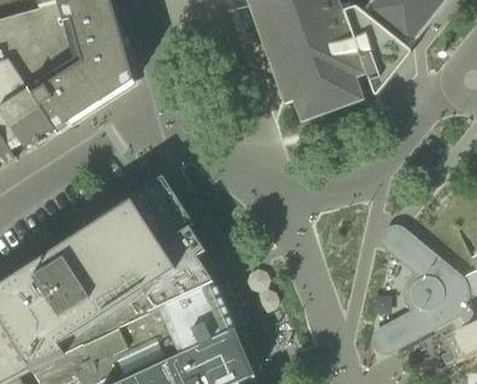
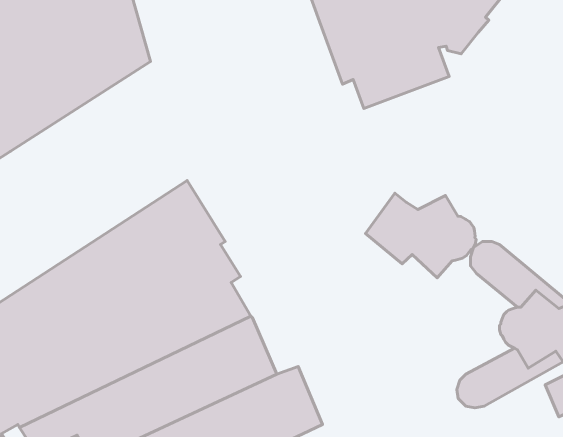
building: none -> [365,193,476,278]

